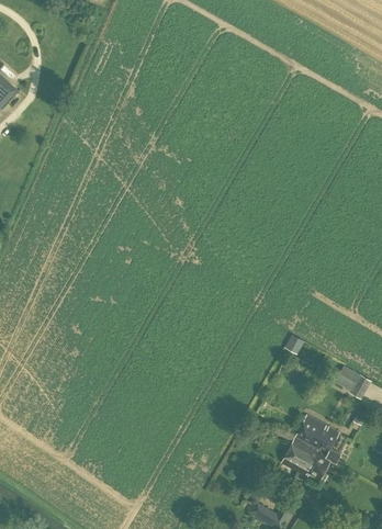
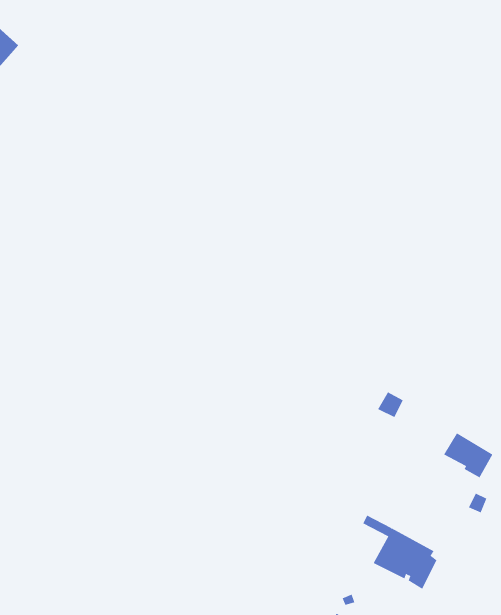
building: [296,416,341,464] -> none

